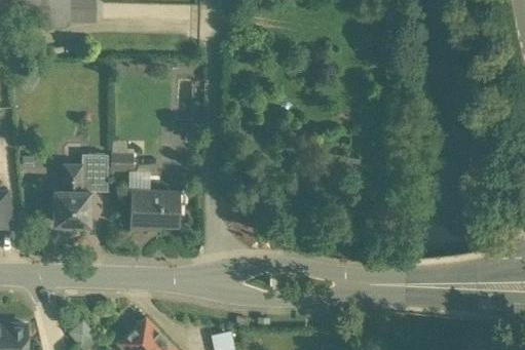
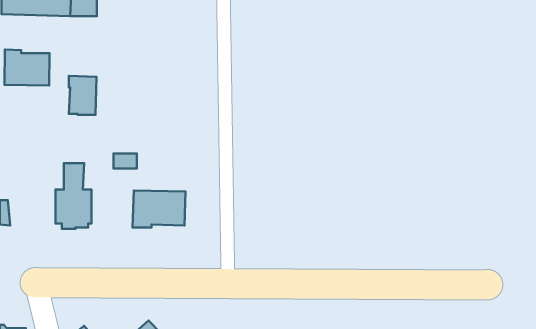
building: none -> [4,49,49,86]
building: [81,153,108,191] -> [69,76,96,115]

